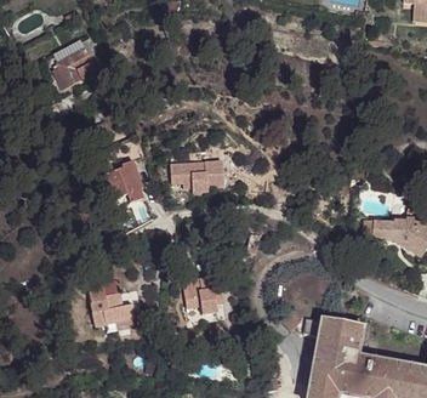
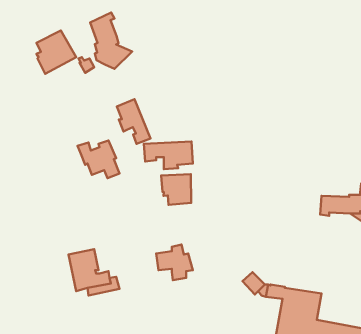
building: none -> [90,12,132,69]
building: none -> [117,99,151,144]
building: none -> [161,174,191,205]

